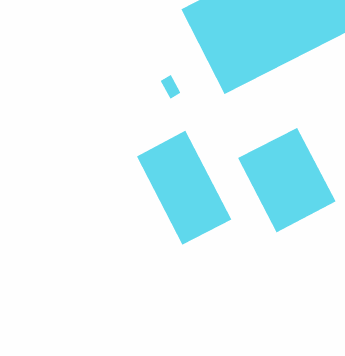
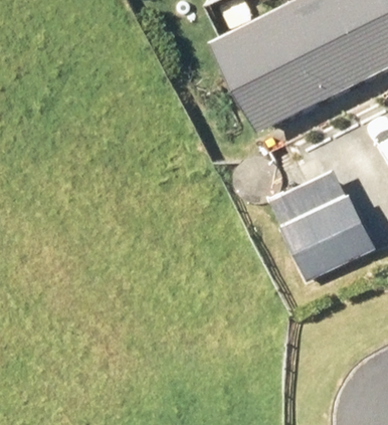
building: [136,130,232,245] -> none

